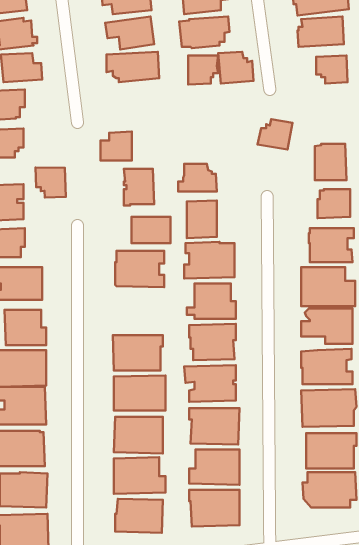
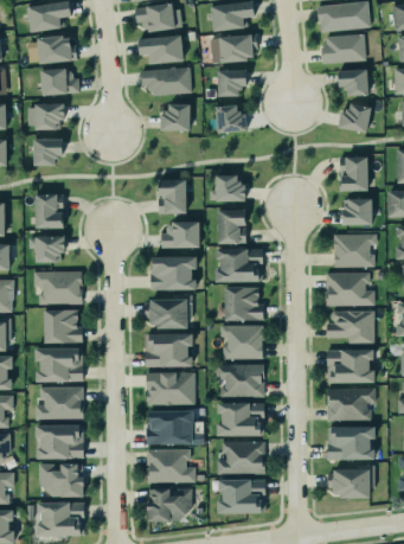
building: [218,52,253,83] -> [214,105,248,135]
building: [257,119,293,149] -> [338,105,371,134]
building: [101,132,132,161] -> [162,104,192,132]
building: [35,167,66,198] -> none
building: none -> [143,294,192,326]

